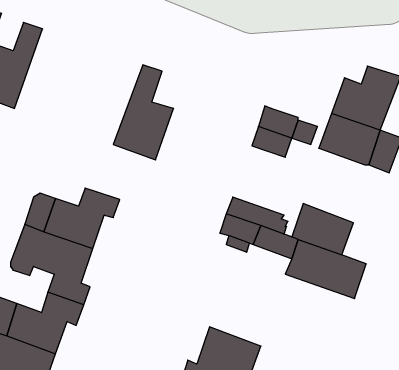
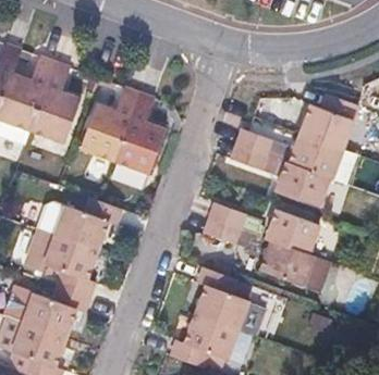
building: none -> [30,62,81,141]
building: none -> [81,87,139,160]
building: none -> [276,162,328,205]
building: none -> [196,267,249,330]

